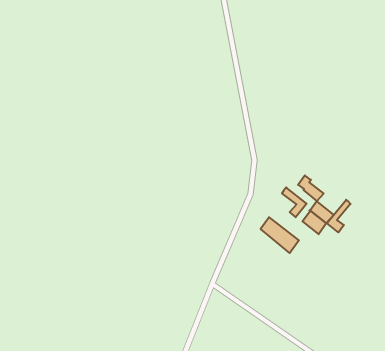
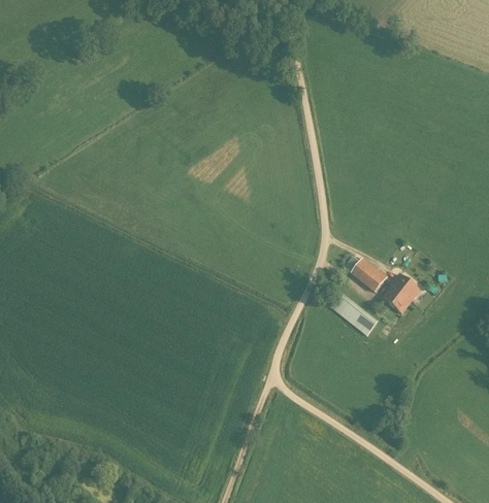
building: [298,175,324,201] -> [345,256,376,287]
building: [327,200,351,232] -> none

